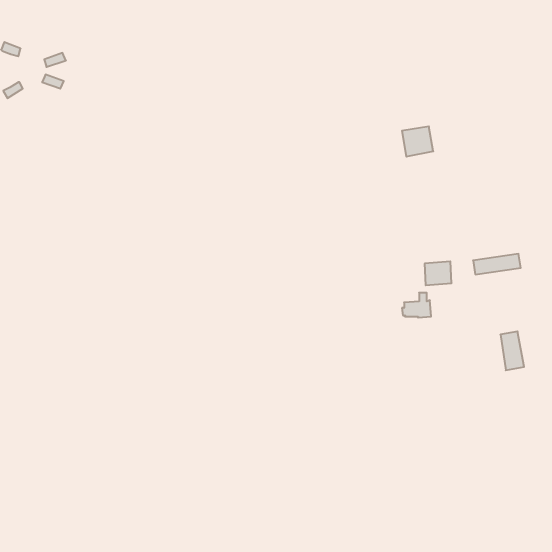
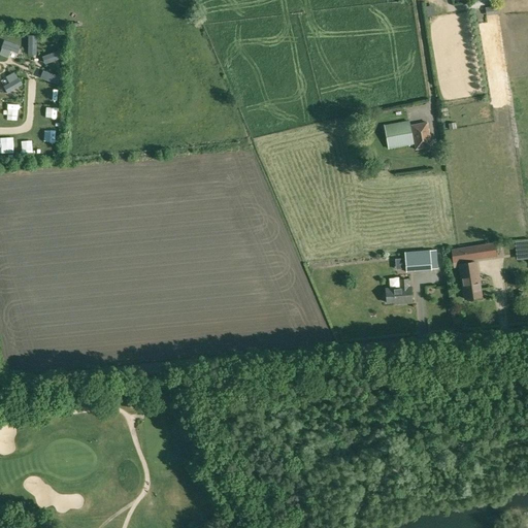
building: none -> [410,122,432,150]
building: [500,331,524,370] -> [459,262,482,299]

